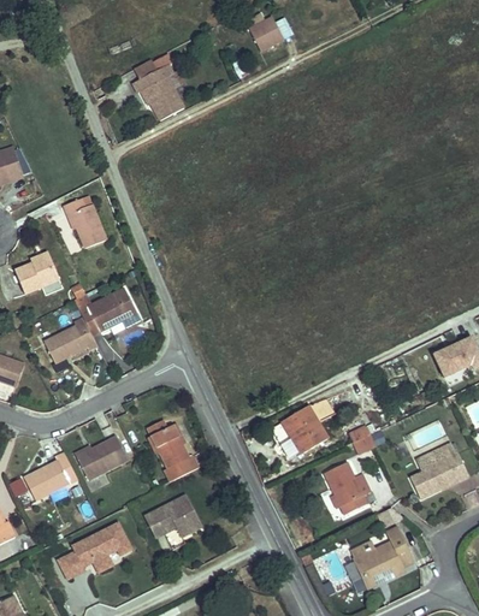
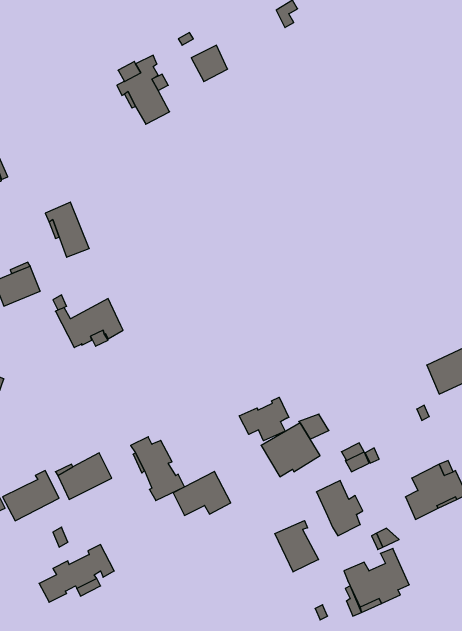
building: [248,17,283,52] -> [191,45,228,82]
building: [43,319,96,363] -> none
building: none -> [239,397,289,441]
building: [146,496,201,538] -> [173,471,231,515]
building: none -> [275,521,319,572]

